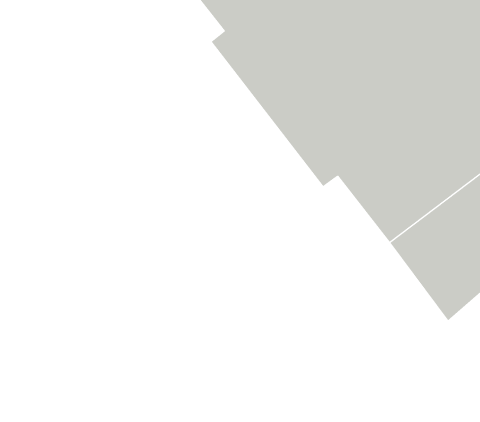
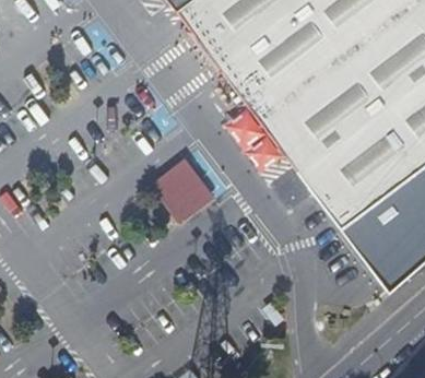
building: none -> [150,153,216,221]

